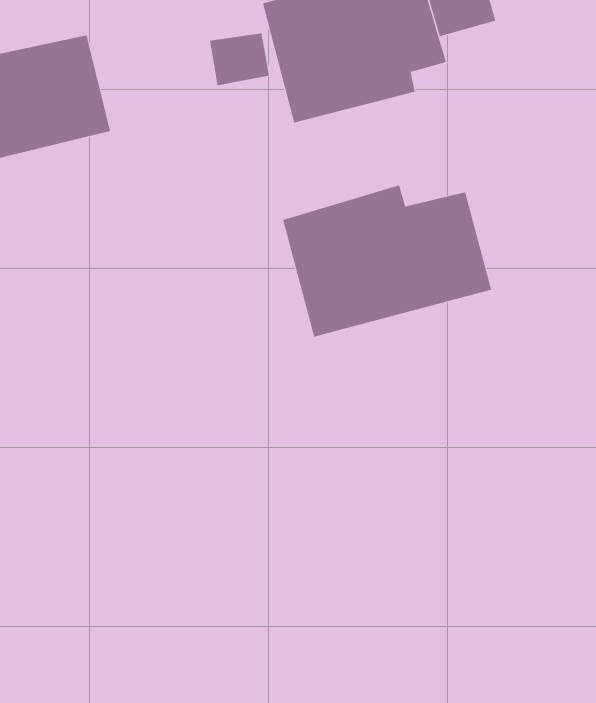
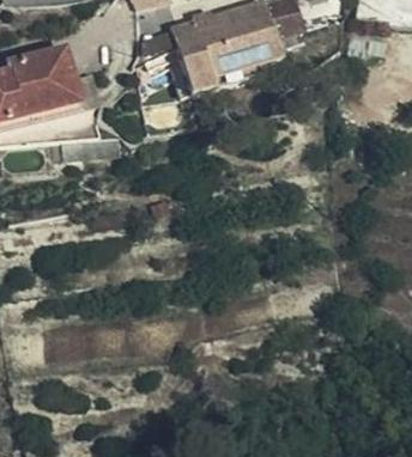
building: [282,184,492,337] -> none

